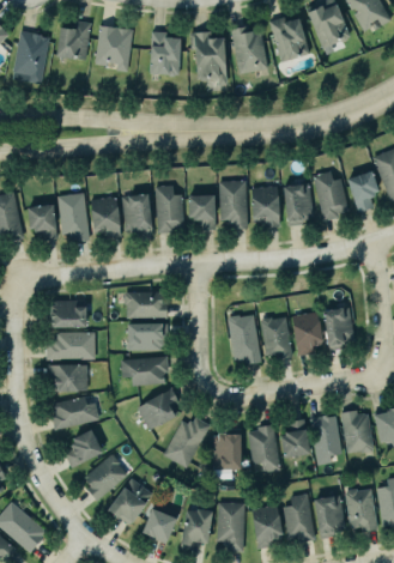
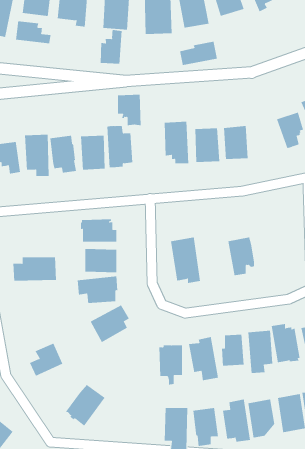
building: none -> [15,21,51,44]
building: none -> [100,29,122,65]
building: none -> [180,41,218,66]
building: [311,170,347,220] -> none
building: [187,193,214,229] -> [117,94,142,126]
building: [48,301,87,328] -> none
building: [322,305,352,349] -> none
building: [259,314,291,358] -> none
building: [46,363,86,391] -> none
building: [50,395,98,429] -> none
building: [162,417,210,468] -> none
building: [83,455,131,500] -> none
building: [140,507,175,543] -> none
building: [180,507,211,544] -> none

